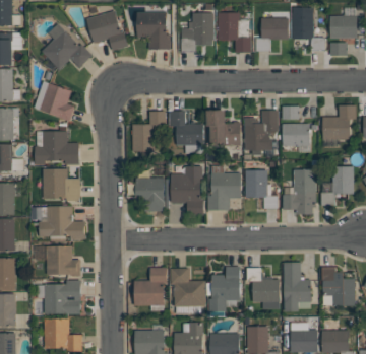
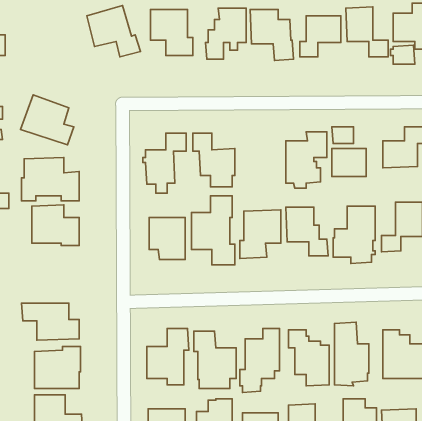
building: [42,22,93,68] -> none
building: [206,110,241,145] -> none
building: [30,205,85,239] -> none

